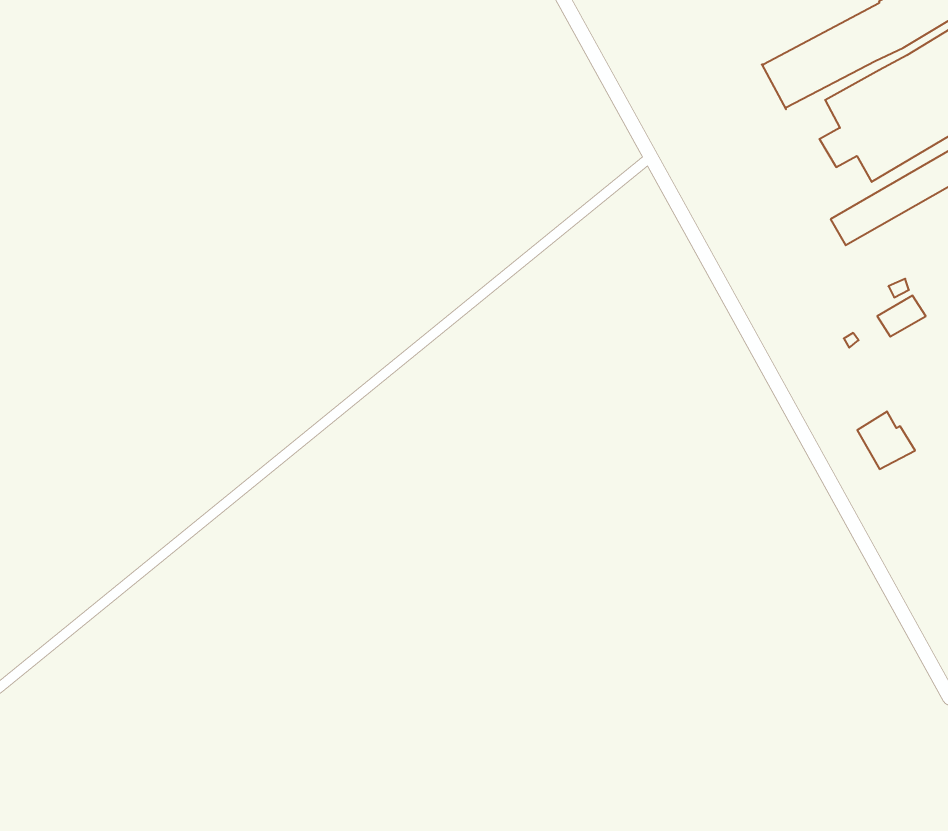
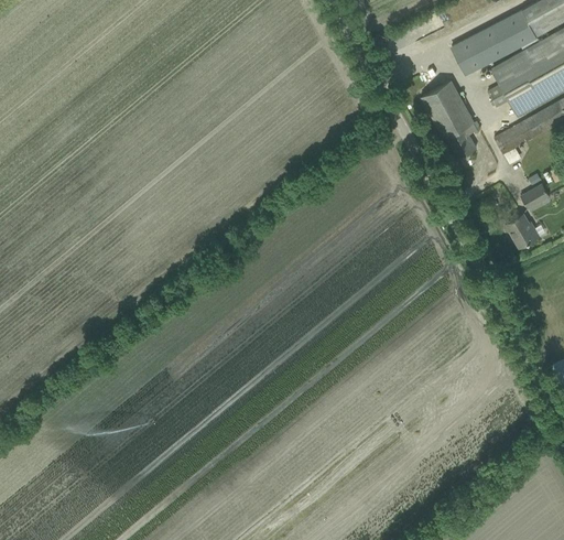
building: none -> [422,82,477,171]
building: [857,411,915,469] -> [506,214,540,248]

